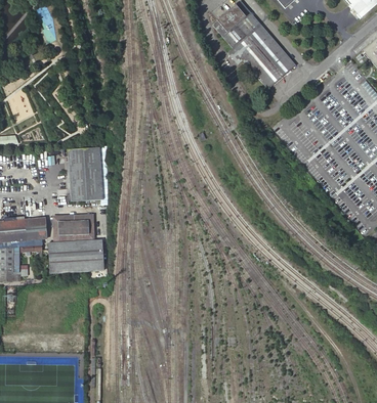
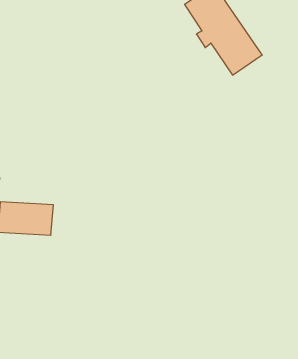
building: [67,147,103,202] -> none
building: [53,215,94,240] -> none

